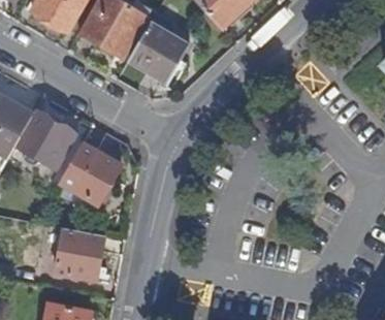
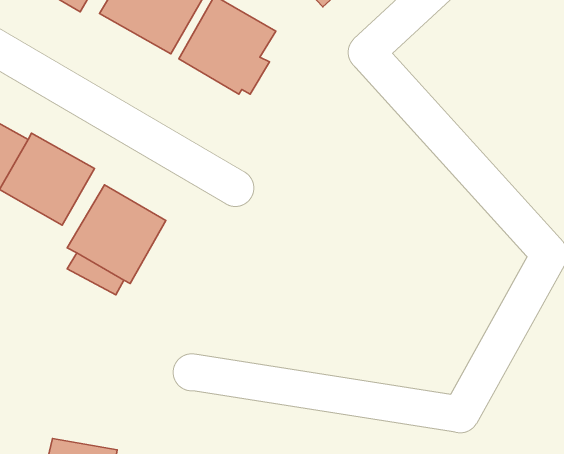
building: [55,227,104,280] -> none

